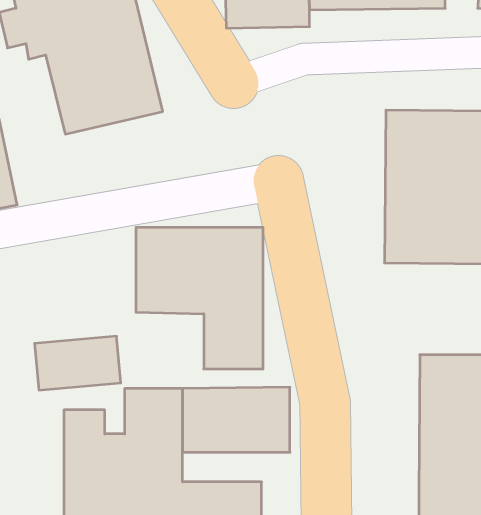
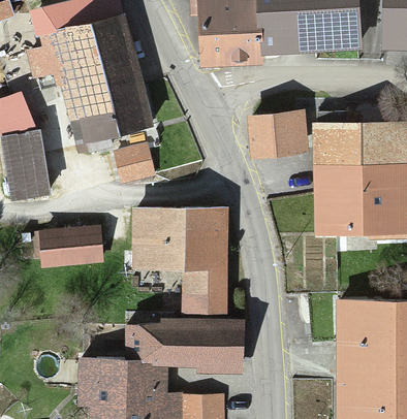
building: none -> [248,114,307,155]
building: none -> [116,144,155,182]
building: [35,336,121,390] -> [43,226,106,265]

